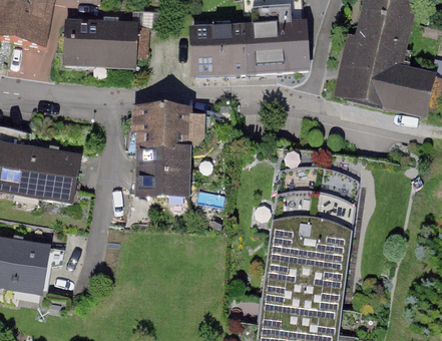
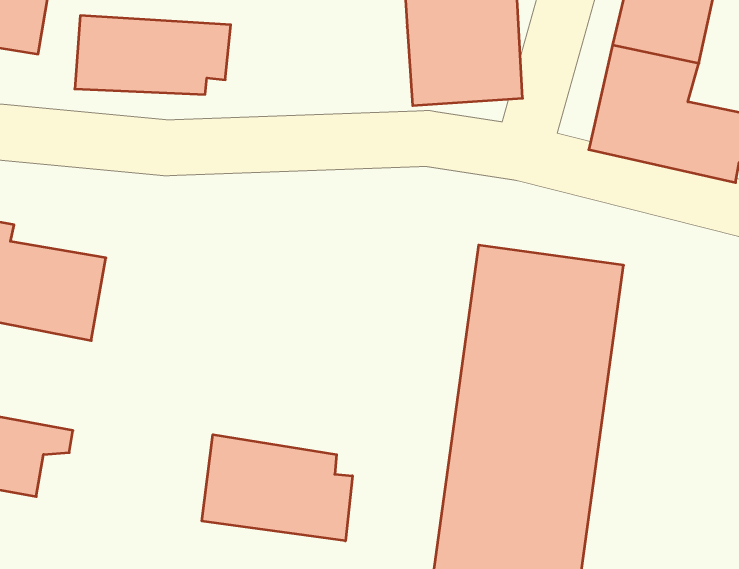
building: [189,29,248,73] -> none
building: [132,109,215,195] -> none
building: none -> [202,435,352,541]

